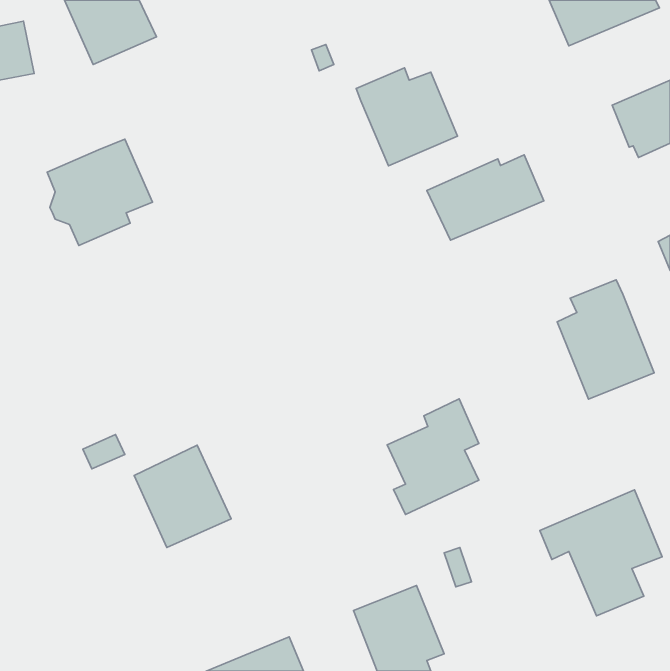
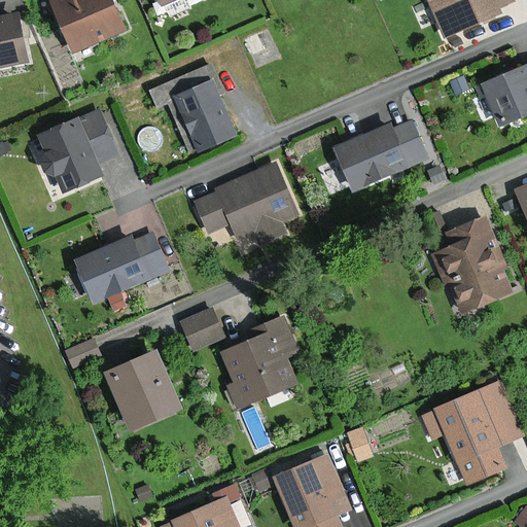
building: [356,68,458,166] -> none
building: none -> [149,67,236,151]
building: none -> [200,164,296,244]
building: none -> [75,237,166,305]
building: none -> [181,311,221,346]
building: [387,399,479,514] -> [225,317,297,408]

